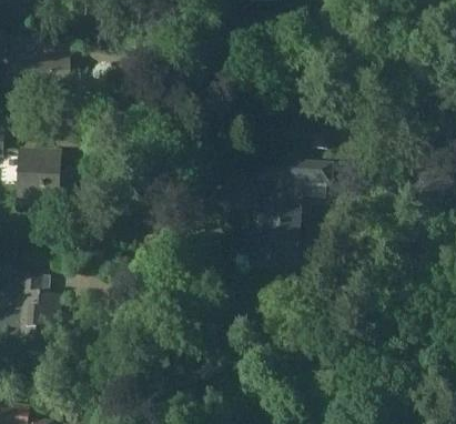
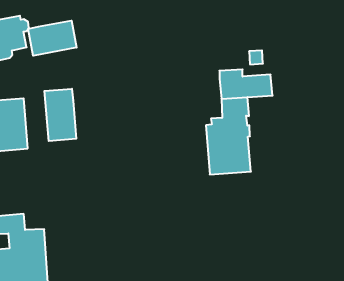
building: none -> [28,21,77,56]
building: none -> [44,89,76,141]

